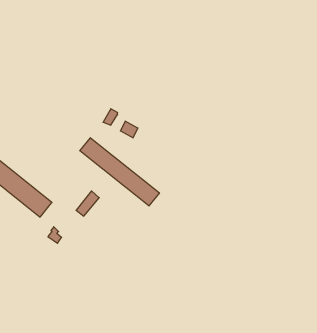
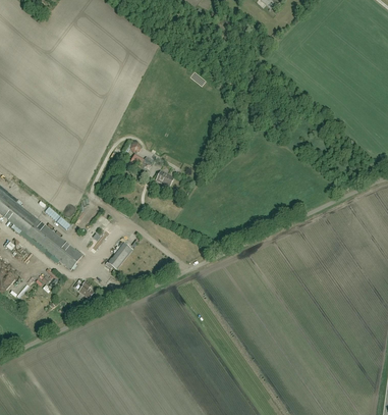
building: [80,138,159,206] -> none

